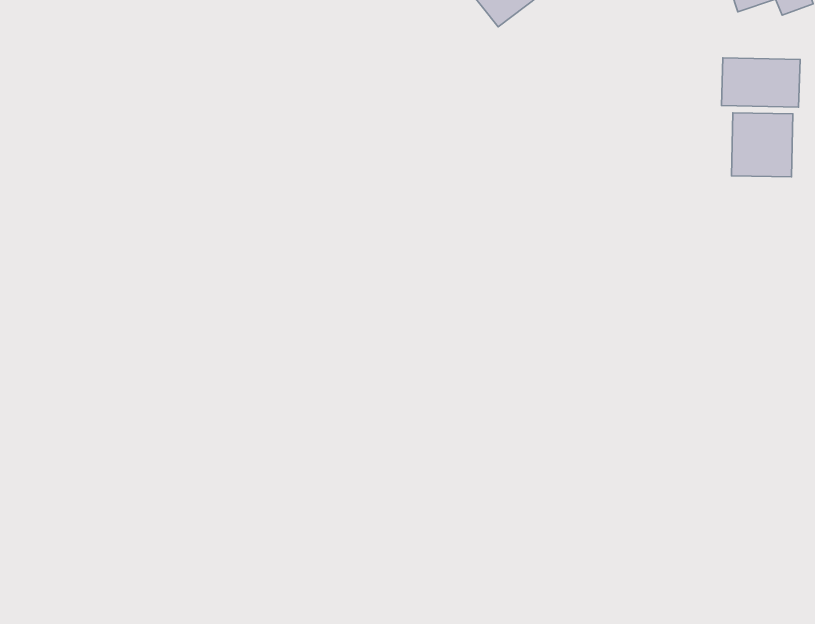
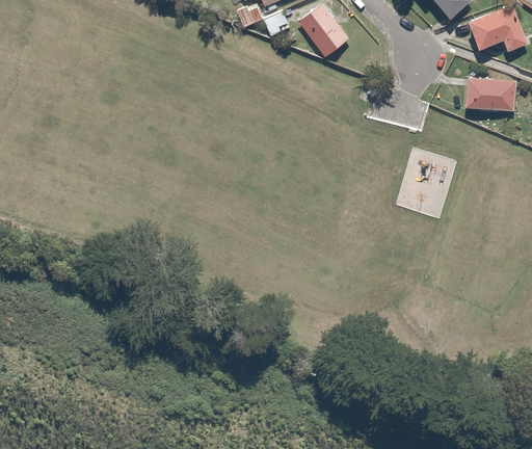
building: [731,113,793,177] -> none

